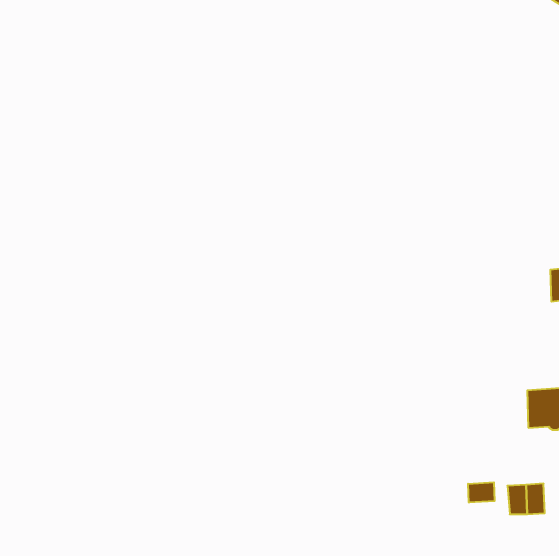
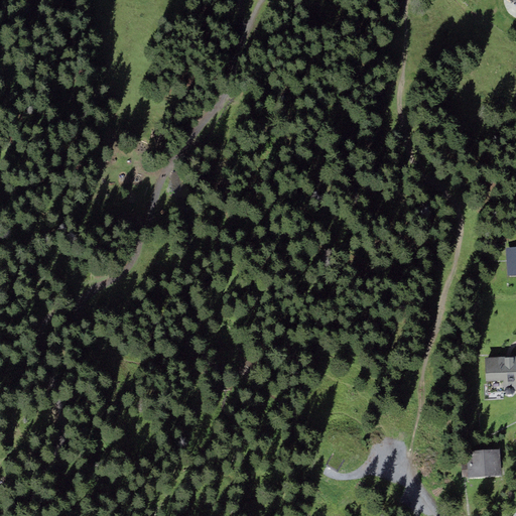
building: [468,482,495,503] -> none

